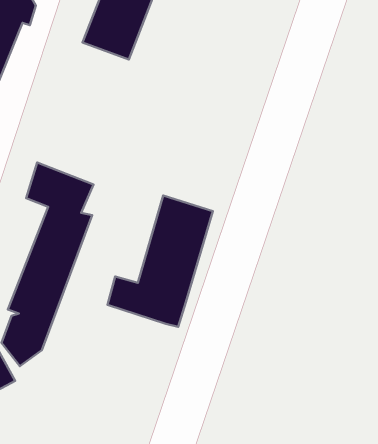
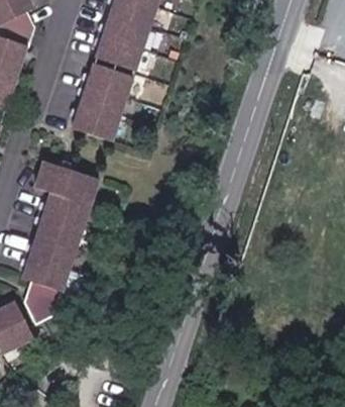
building: none -> [59,70,120,148]
building: [107,196,213,327] -> none

